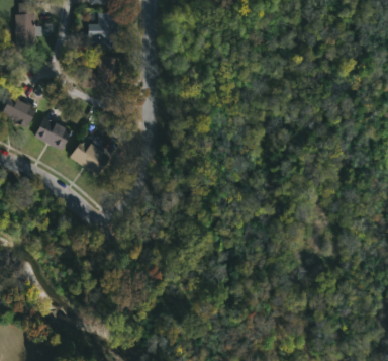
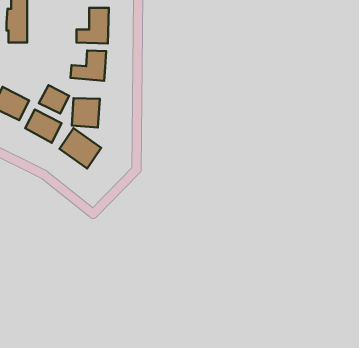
building: none -> [39,85,69,113]
building: none -> [72,98,100,127]

